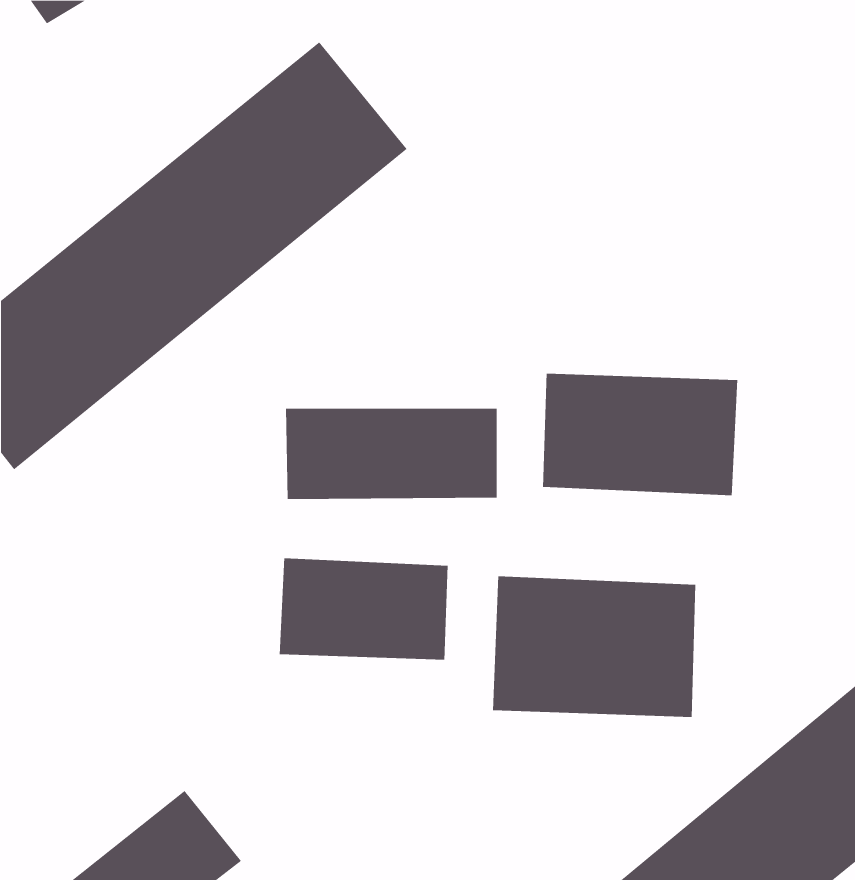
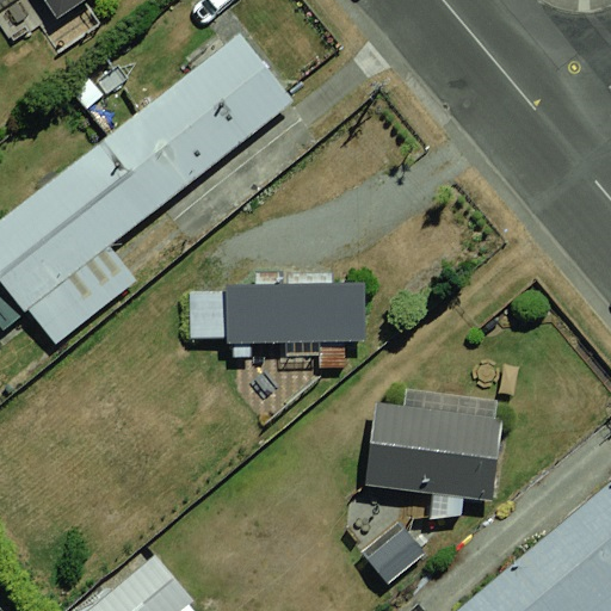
building: [542,373,738,496] -> none
building: [279,558,448,661] -> none

